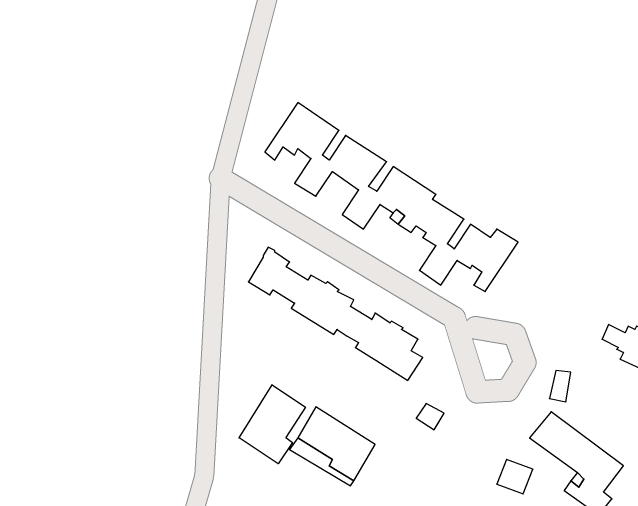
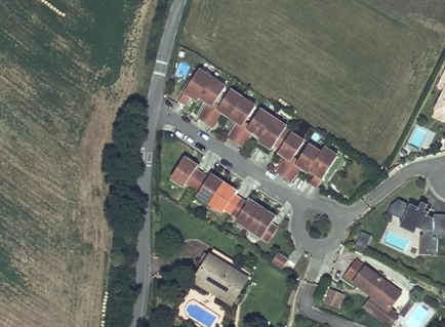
building: [239,385,305,464] -> none

